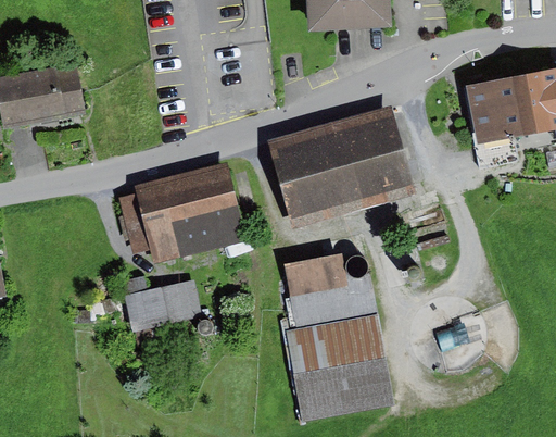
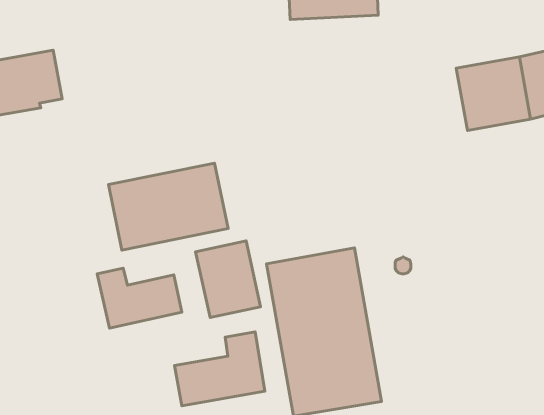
building: [268,105,415,225] -> none
building: none -> [196,241,261,318]
building: none -> [175,332,265,406]

